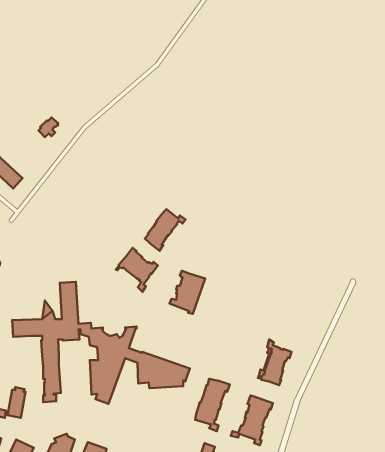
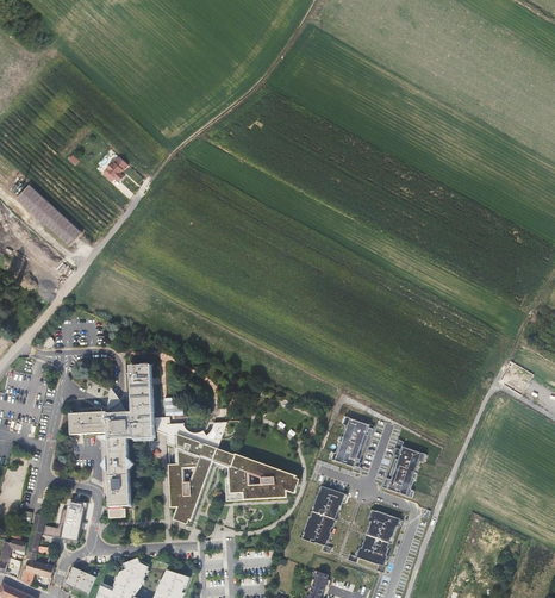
building: [145,209,186,251] -> none
building: [116,248,158,292] -> none
building: [170,271,205,314] -> [326,417,372,472]

